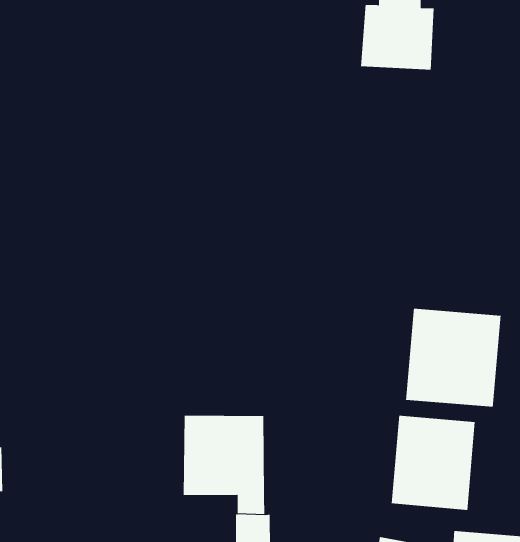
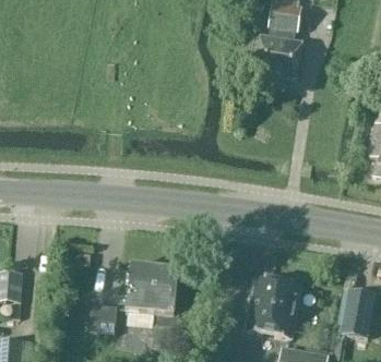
building: [406,308,501,408] -> none
building: none -> [88,302,118,330]

